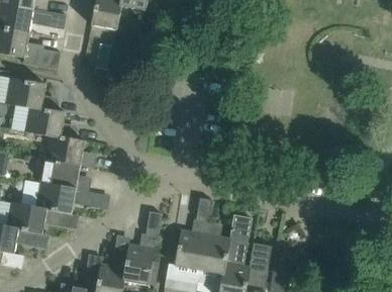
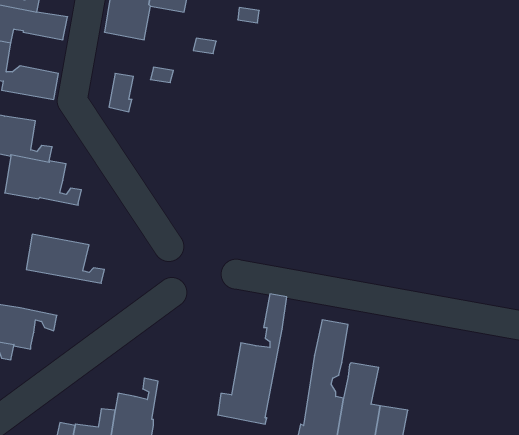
building: [43,134,95,168] -> none
building: [35,182,89,214] -> none
building: [122,212,162,286] -> none
building: [197,221,229,285] -> none

